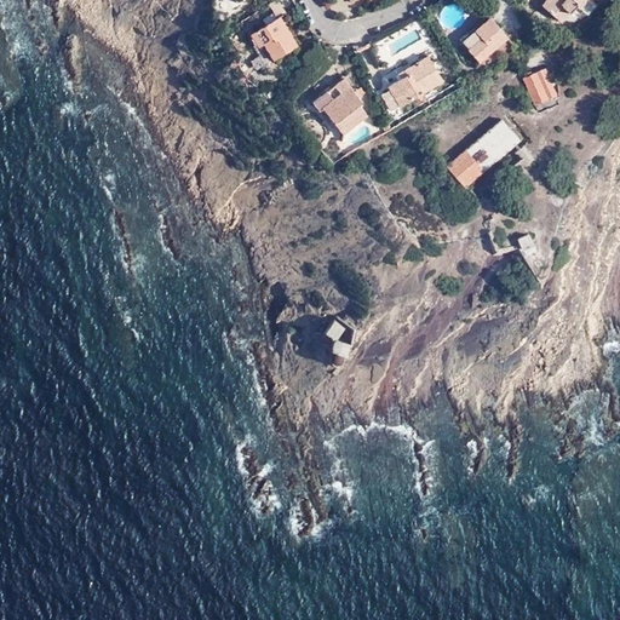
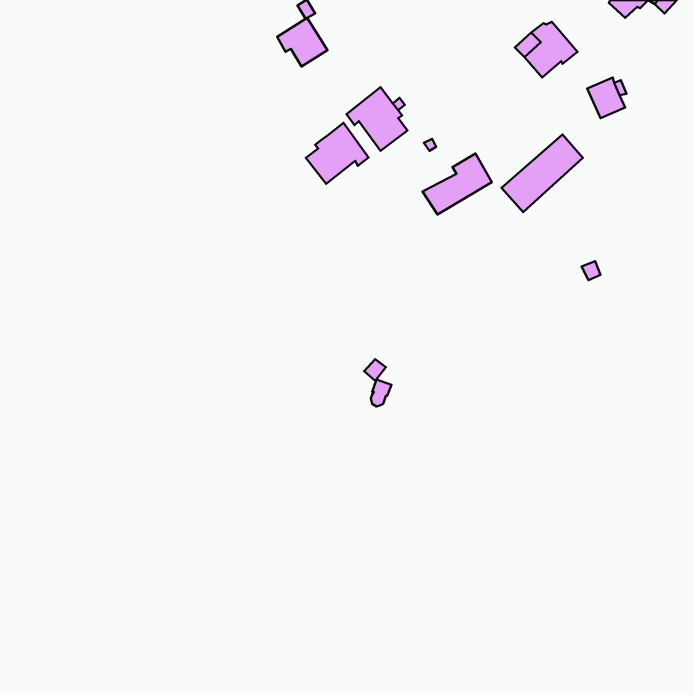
building: [380,57,442,111] -> [423,153,492,215]
building: none -> [306,123,369,184]

